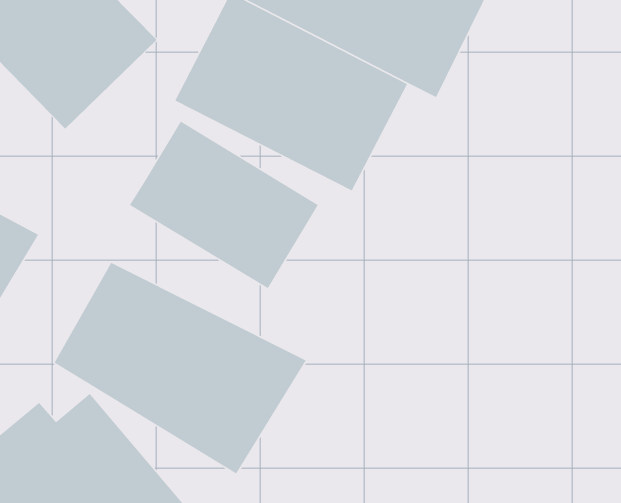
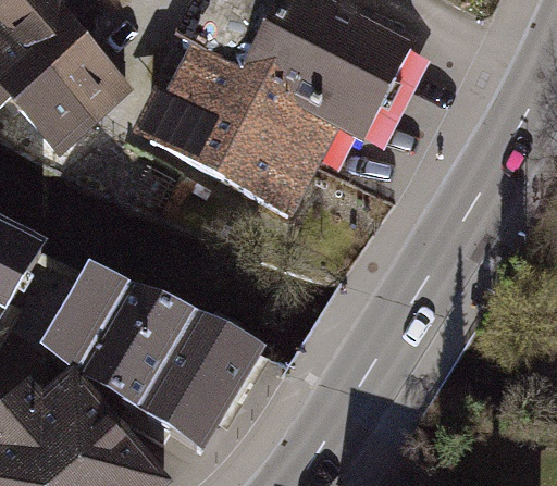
building: [129,121,319,289] -> none

